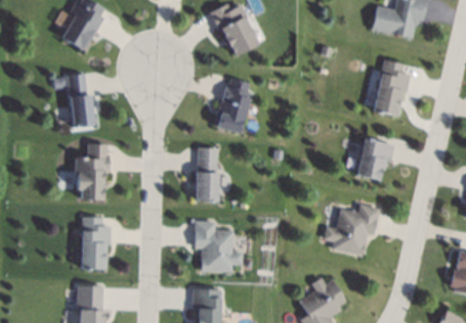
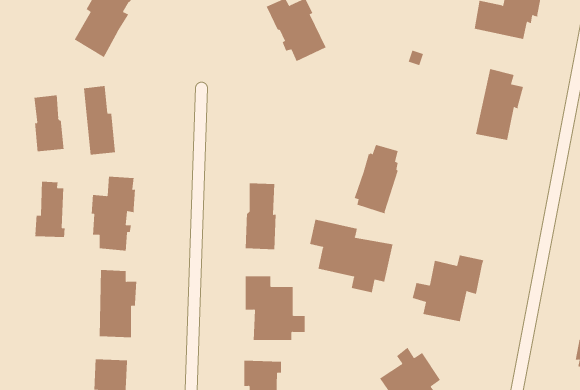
building: [214,78,249,132] -> [354,144,399,214]
building: none -> [34,95,64,152]
building: [356,138,393,180] -> none
building: none -> [35,181,65,238]
building: none -> [310,219,393,293]

